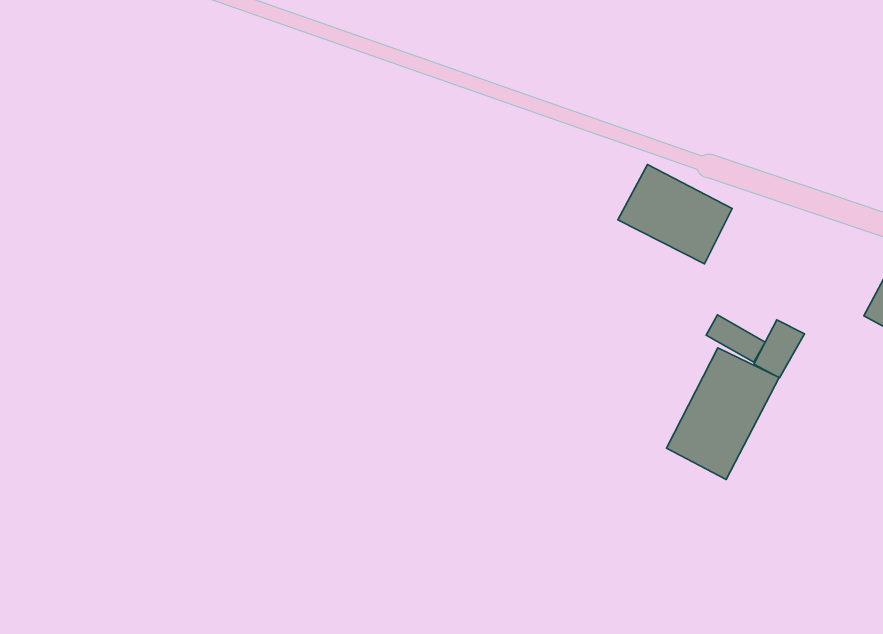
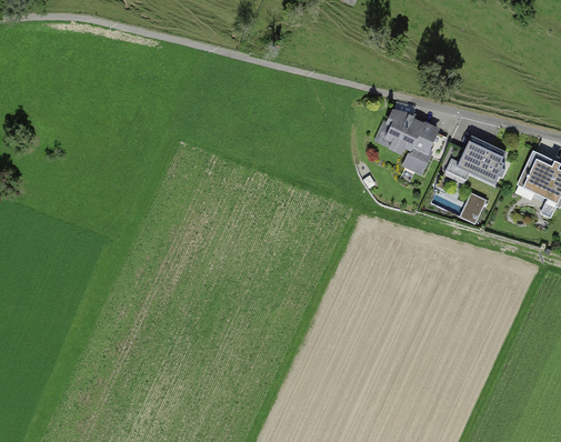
building: none -> [457,138,509,185]
building: [666,348,779,480] -> none

